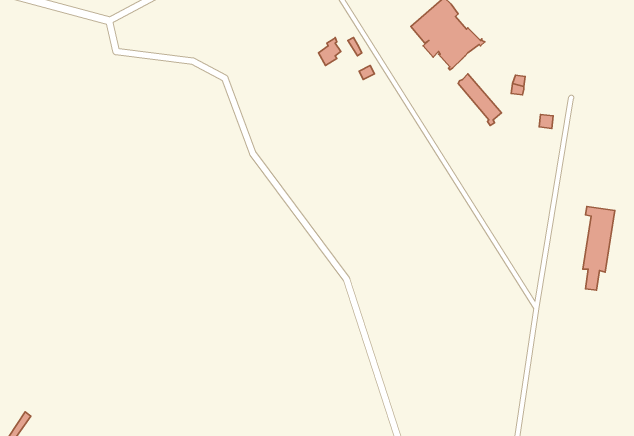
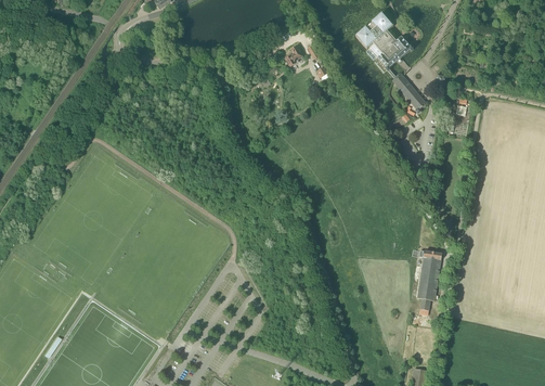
building: [583,206,615,290] -> [416,248,441,313]

